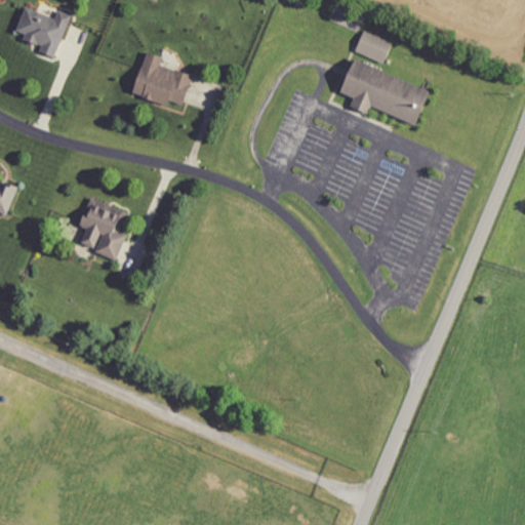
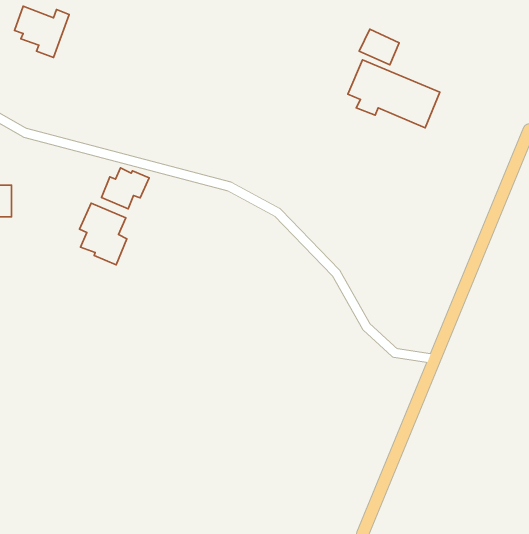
building: [132,51,191,105] -> none
building: none -> [101,168,149,209]

